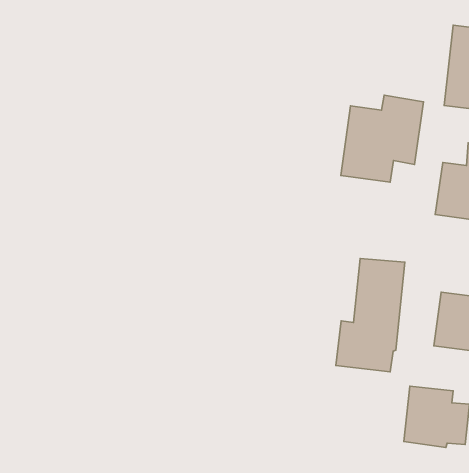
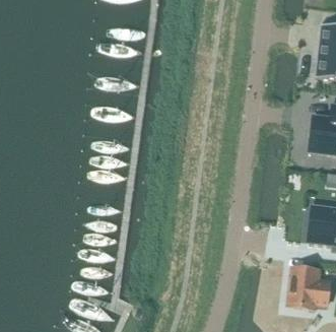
building: [341,95,423,182] -> none
building: [336,259,405,372] -> none

